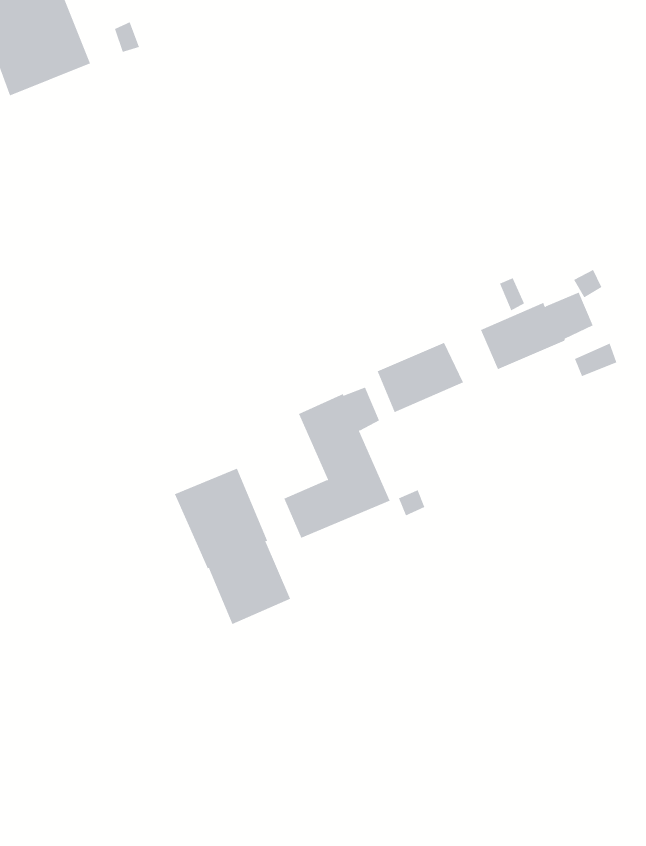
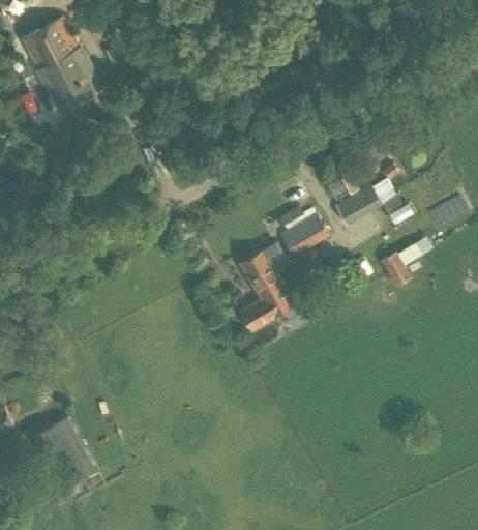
building: none -> [380,251,411,286]
building: [174,468,291,625] -> none

